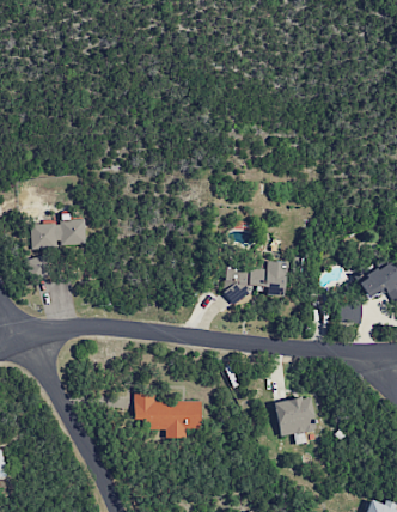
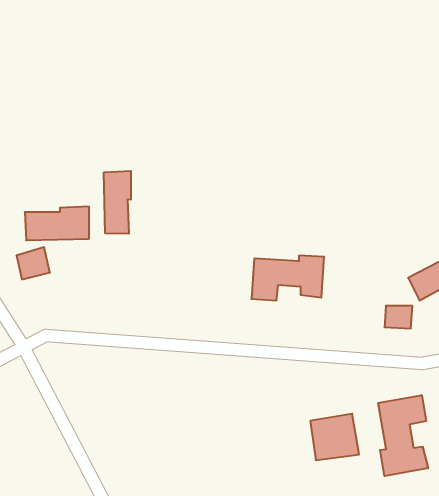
building: none -> [104,171,131,234]
building: none -> [378,395,428,476]
building: [135,392,202,439] -> none

